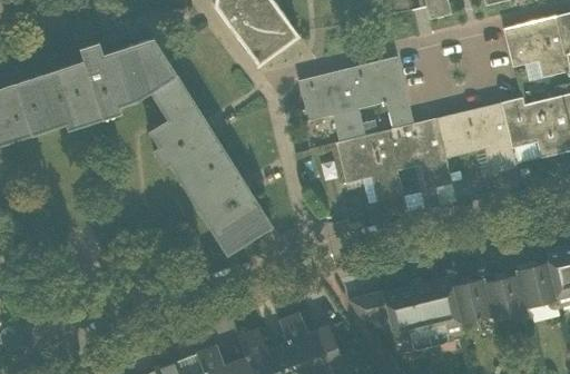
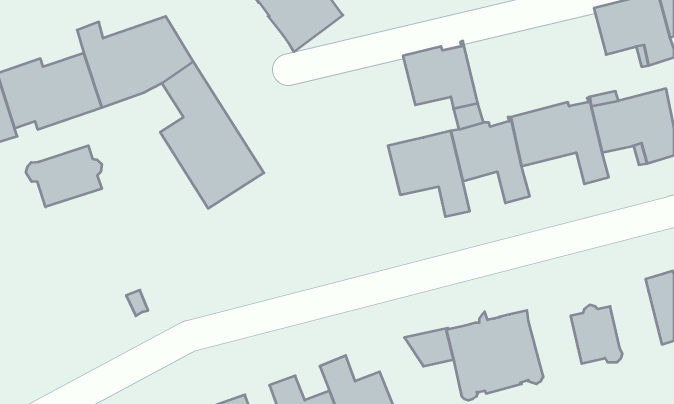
building: [298,69,364,140] -> none
building: none -> [26,146,102,207]
building: [188,165,273,252] -> none
building: [515,260,559,309] -> none
building: [450,277,494,325] -> none

